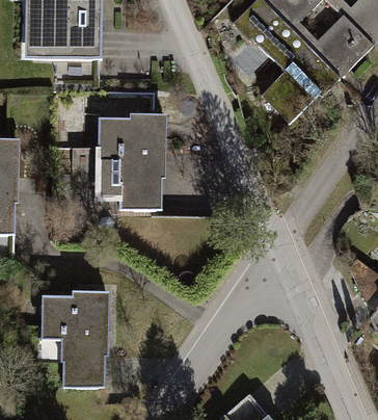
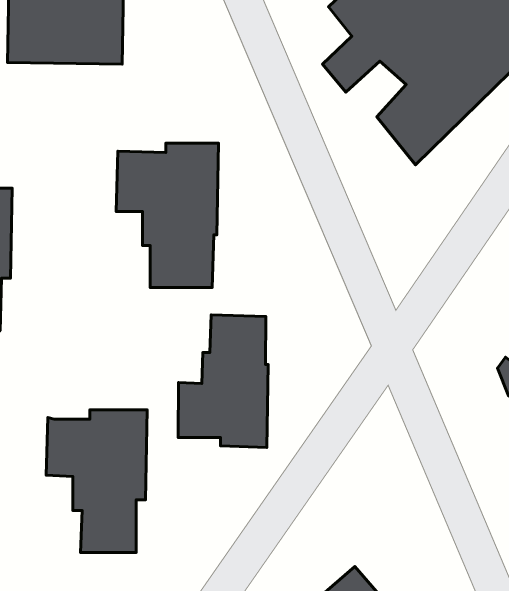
building: none -> [178,315,268,447]

